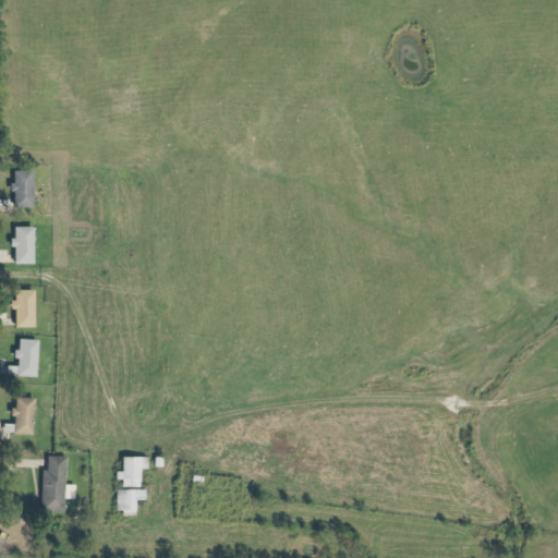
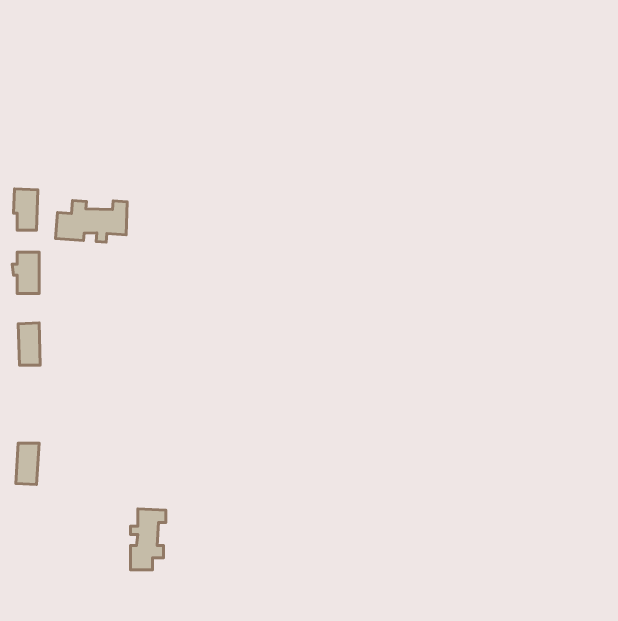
building: none -> [56,201,127,242]
building: [17,338,38,375] -> none
building: [43,454,75,510] -> none

